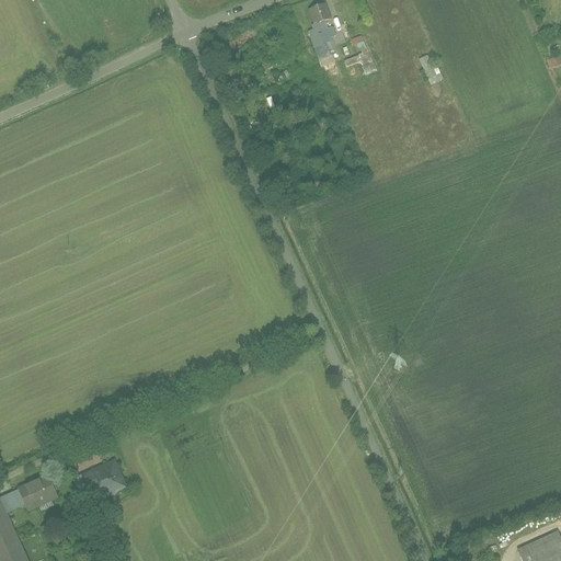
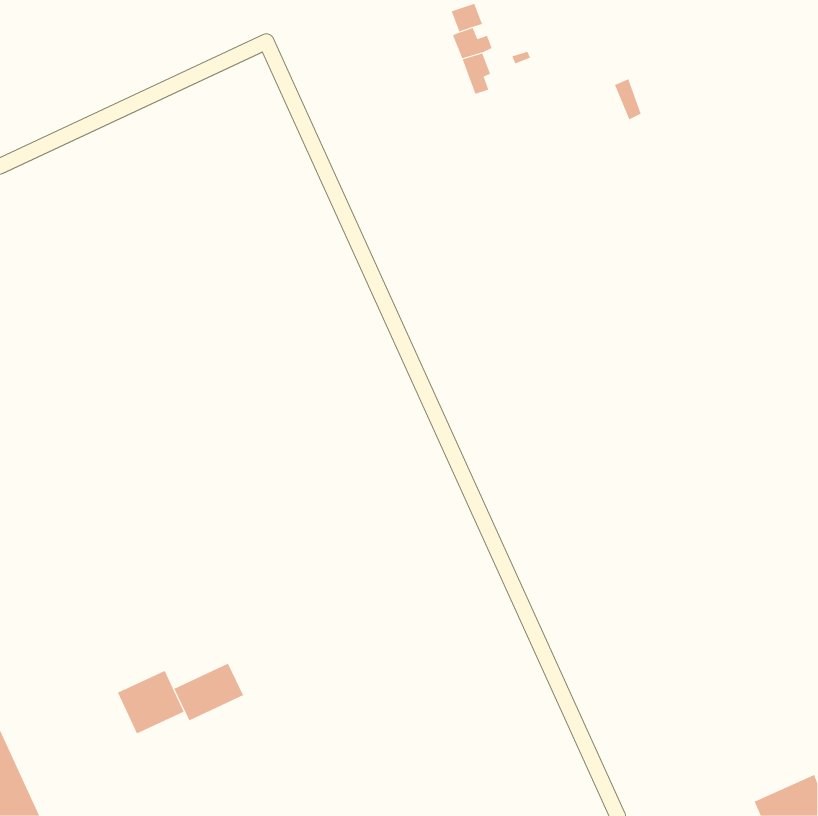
building: none -> [174,663,244,721]
building: [15,472,57,511] -> none

